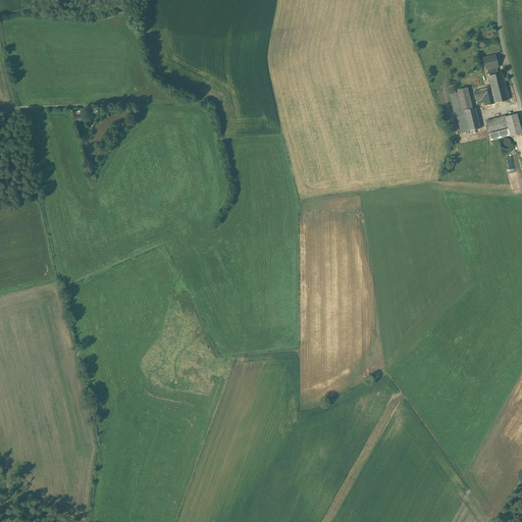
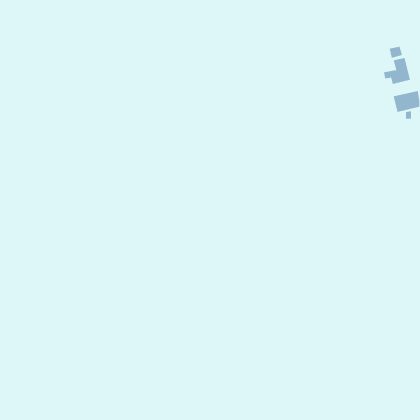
building: [451,90,477,134] -> none

